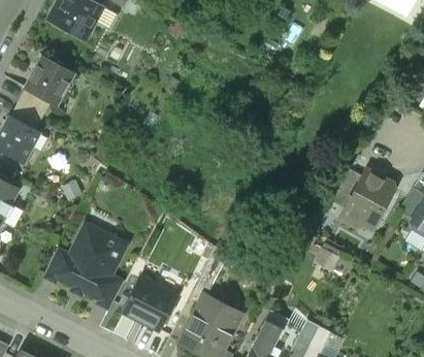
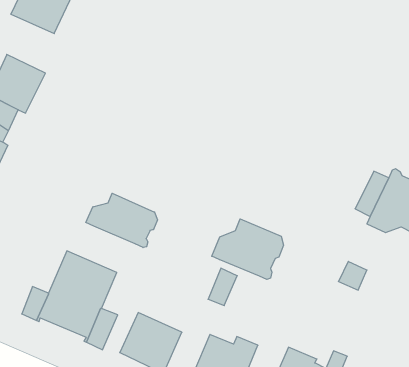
building: none -> [86,193,158,248]
building: none -> [212,219,284,279]

